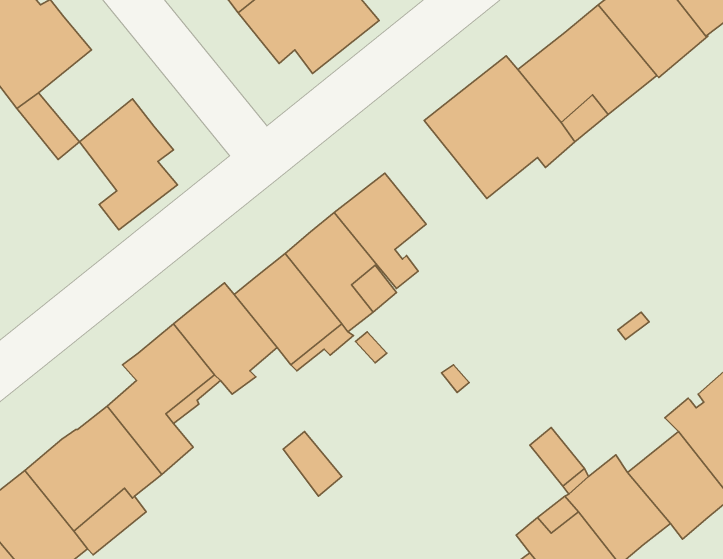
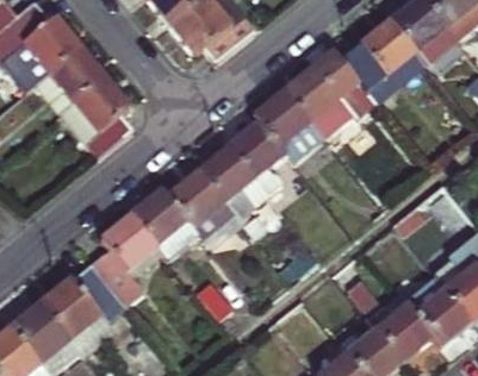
building: none -> [48,48,105,104]
building: none -> [253,90,321,163]

